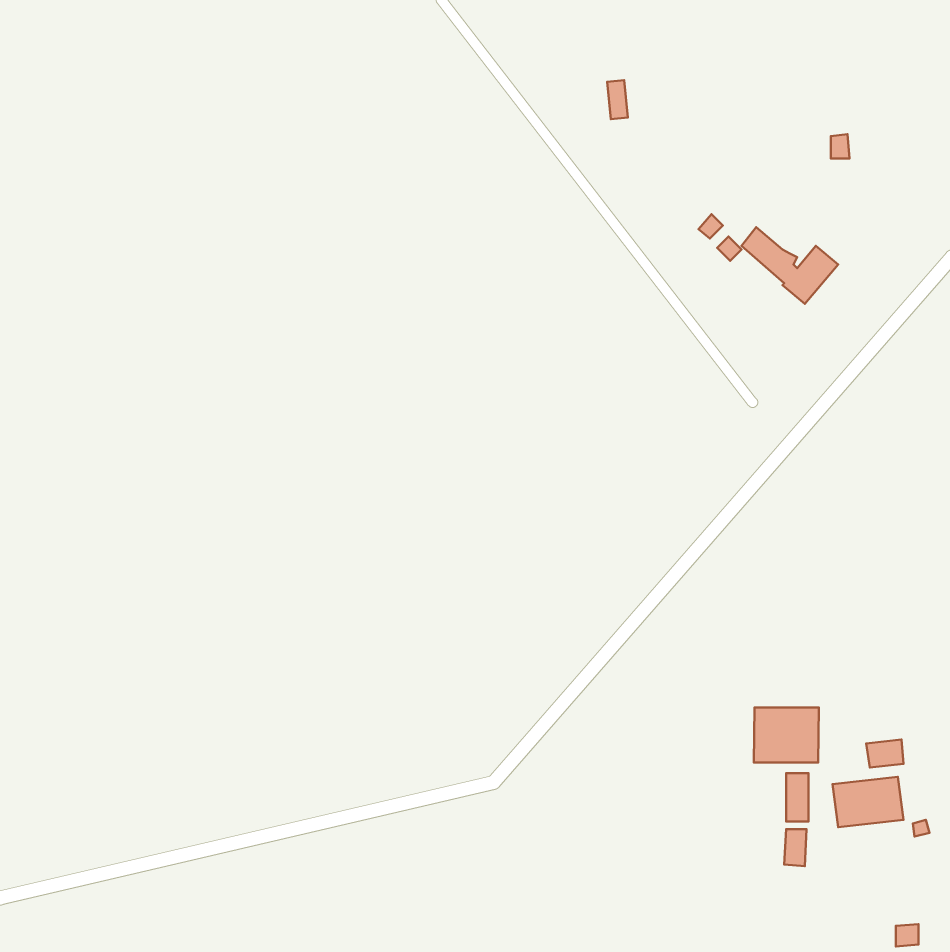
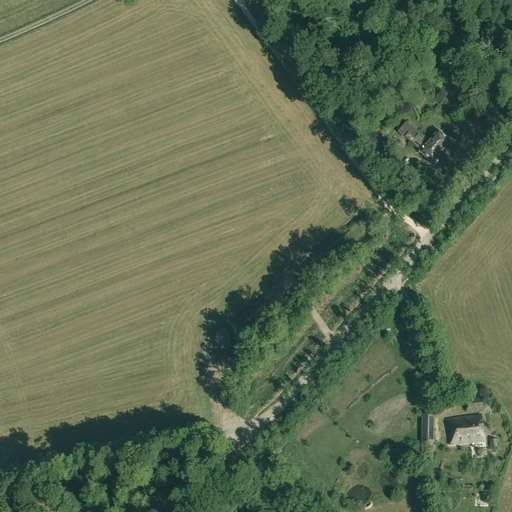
building: [754,708,819,763] -> none

